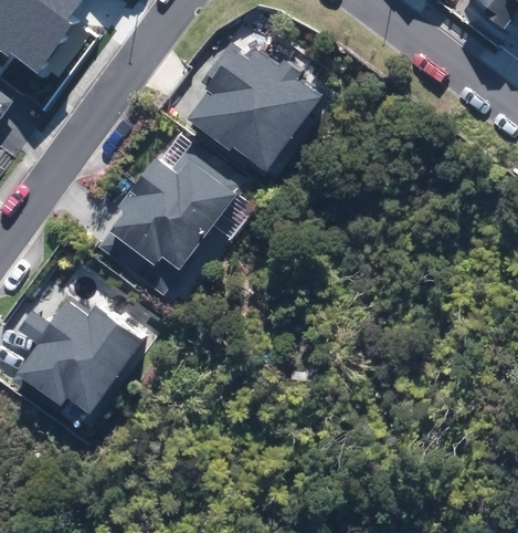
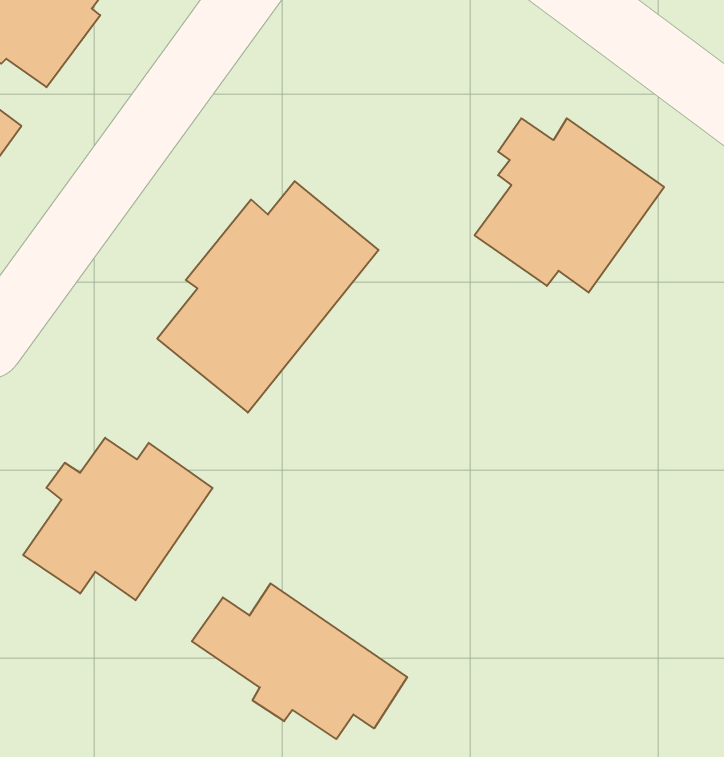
building: [194,49,319,164] -> [475,118,664,293]
building: none -> [192,583,407,739]

